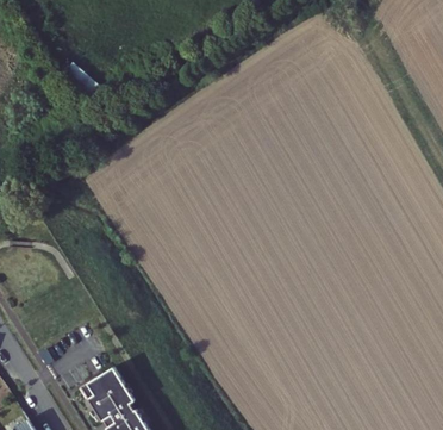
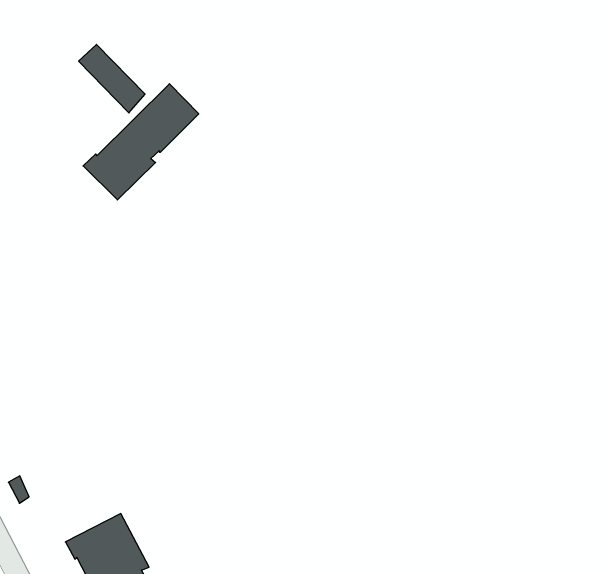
building: none -> [83,84,199,200]

